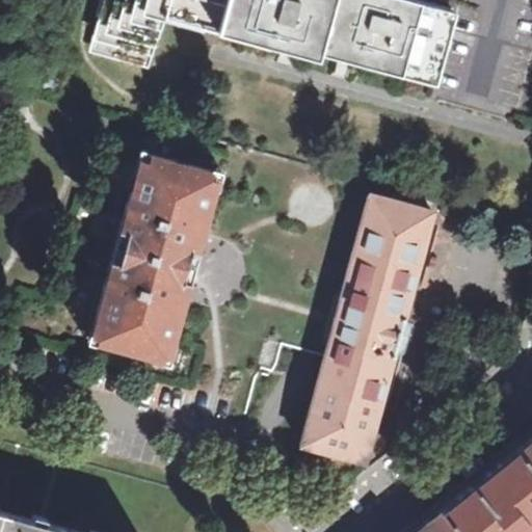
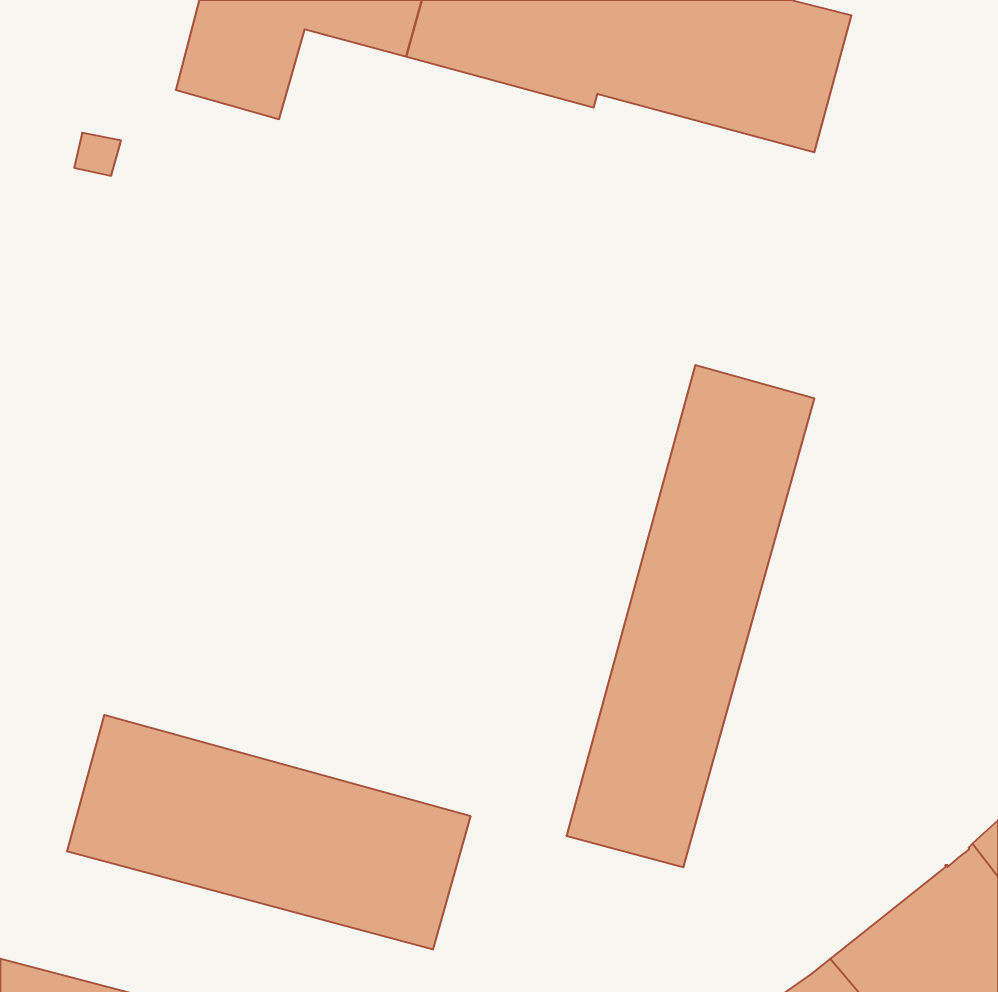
building: [96,156,215,364] -> none
building: none -> [67,715,470,950]

